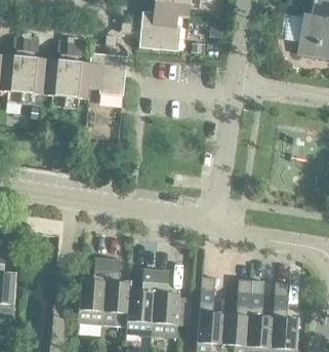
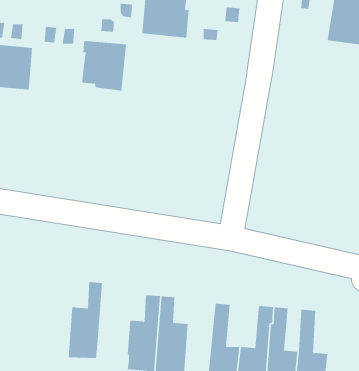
building: [44,58,91,99] -> none
building: [101,259,131,325] -> none

